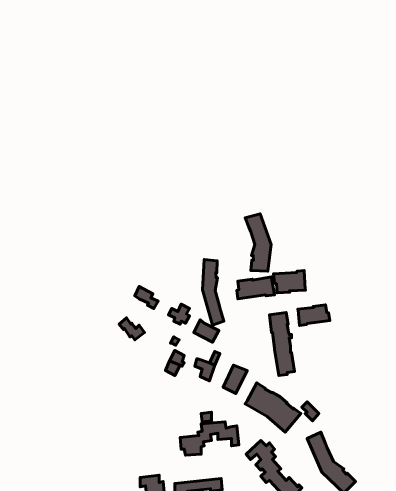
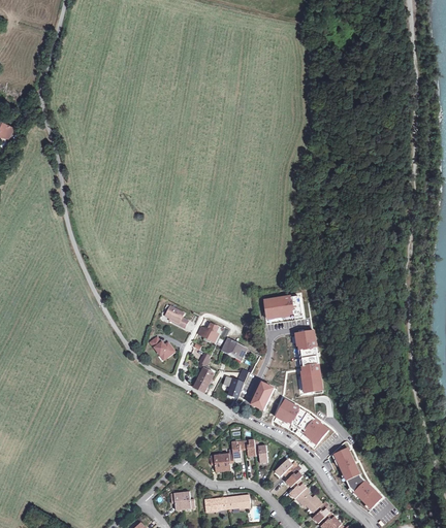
building: [245,214,271,271] -> none
building: [203,259,224,325] -> none
building: [274,271,305,293] -> none
building: [298,305,330,326] -> none

